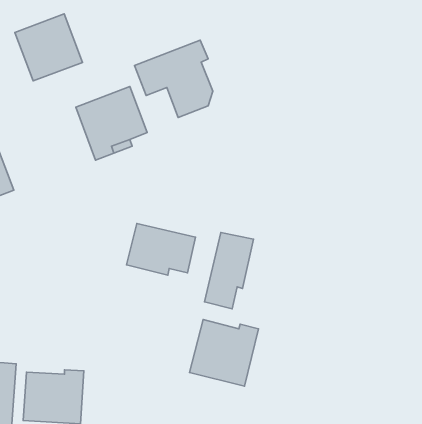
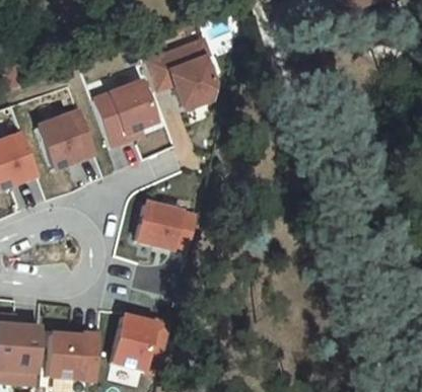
building: [15,14,83,81] -> [37,109,96,168]
building: [204,232,253,309] -> none
building: [189,319,258,386] -> [113,313,173,372]

